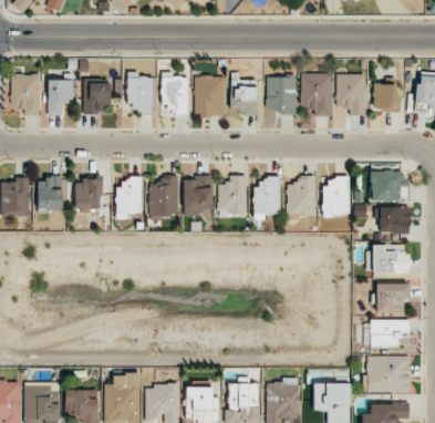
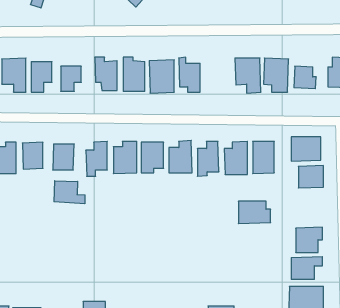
building: [266,75,297,115] -> none
building: none -> [54,181,85,204]
building: [369,245,408,272] -> [238,201,271,224]

